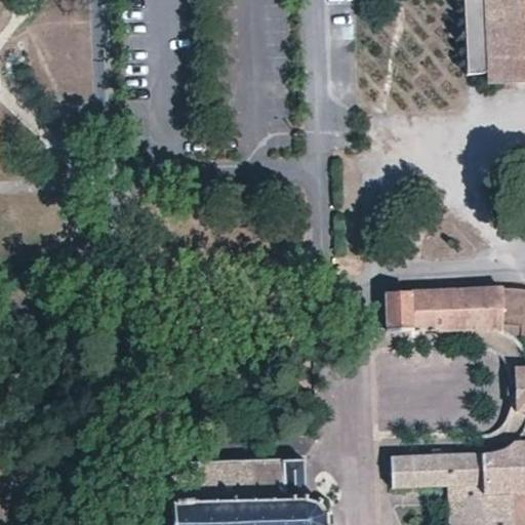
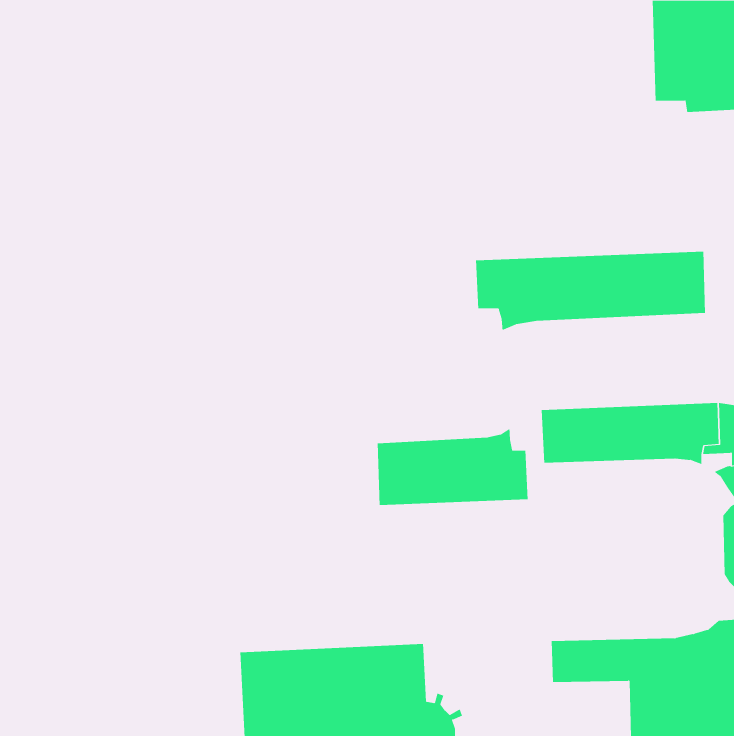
building: none -> [475,251,705,331]
building: none -> [377,428,528,506]

